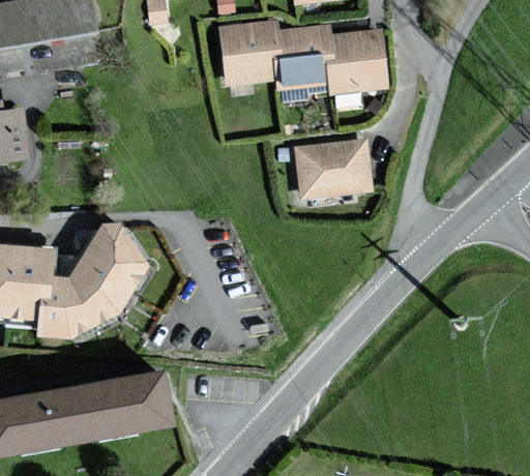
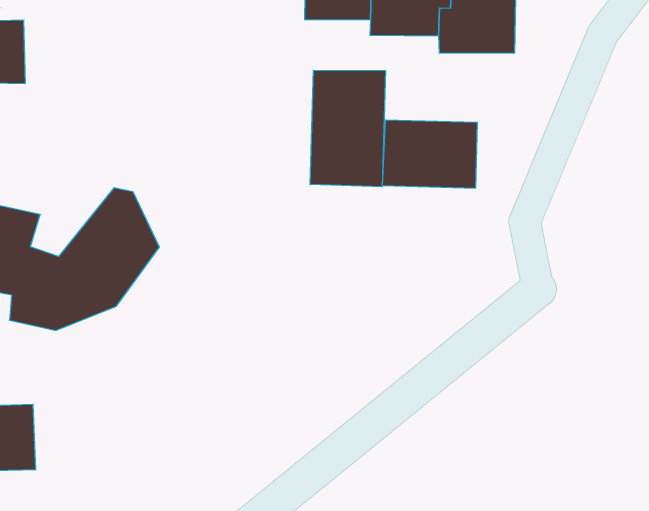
building: none -> [310,70,385,187]
building: [64,378,165,441] -> none

